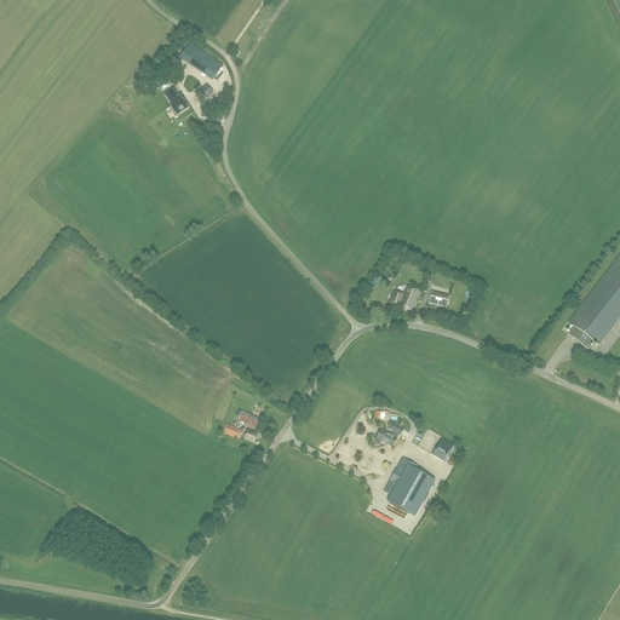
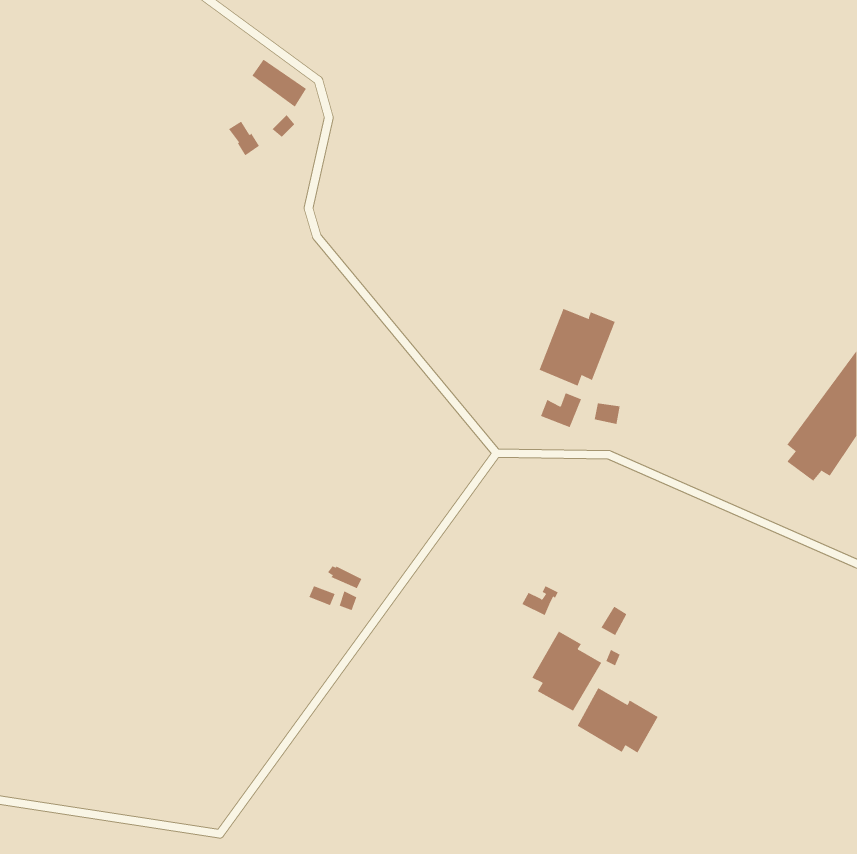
building: none -> [539,308,616,387]
building: none -> [577,687,659,753]

